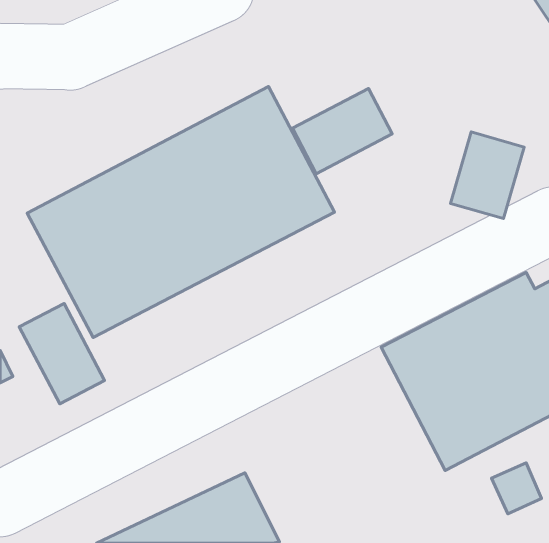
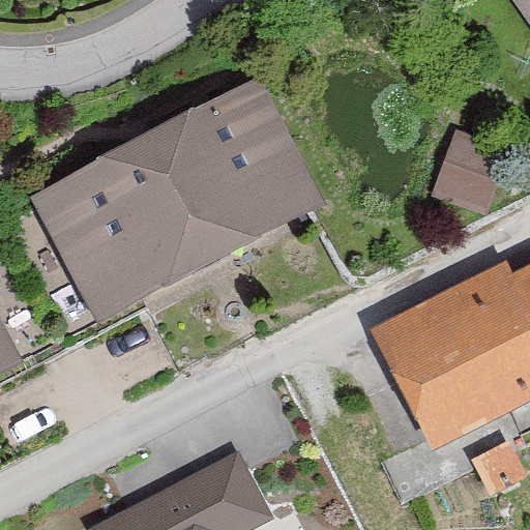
building: [293,88,392,174] -> none
building: [19,304,105,404] -> none

